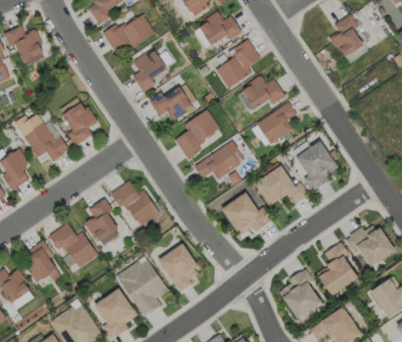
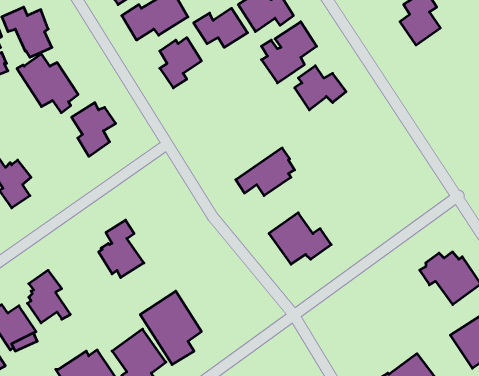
building: [148,87,192,119] -> [194,8,248,47]
building: [256,101,296,144] -> none
building: [175,109,220,157] -> none
building: [17,113,67,161] -> [17,54,78,113]
building: [296,141,338,190] -> none
building: [254,166,308,205] -> none
building: [110,181,158,224] -> none
building: [49,222,97,271] -> none
building: [317,242,359,297] -> none
building: [160,245,198,291] -> none
building: [279,267,321,319] -> none

